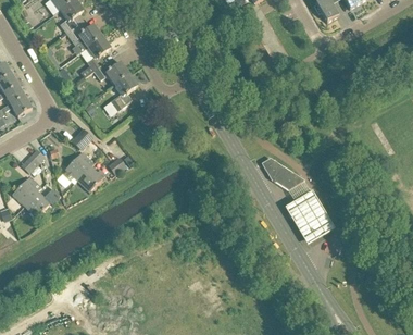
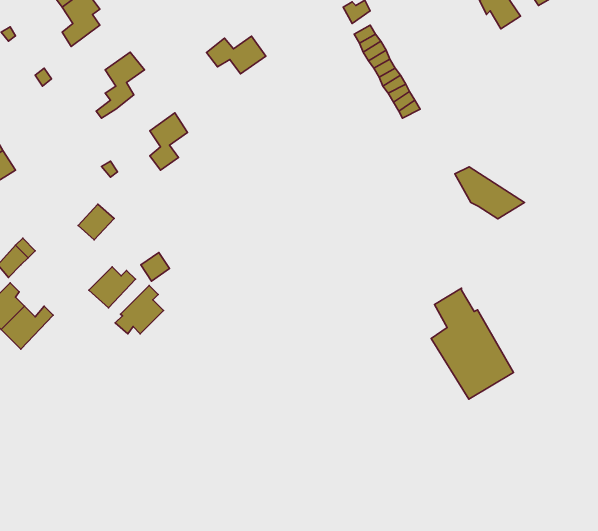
building: [66,20,102,47] -> none
building: [93,61,129,84] -> [207,36,266,74]
building: [62,151,91,181] -> [115,285,164,334]
building: [261,158,303,189] -> [455,167,525,219]

